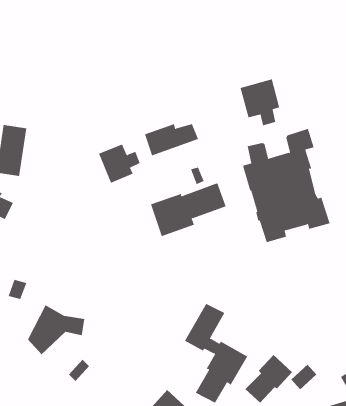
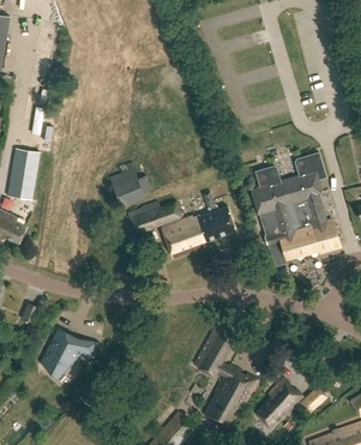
building: [240,79,280,126] -> none
building: [144,123,199,156] -> [128,202,182,234]

